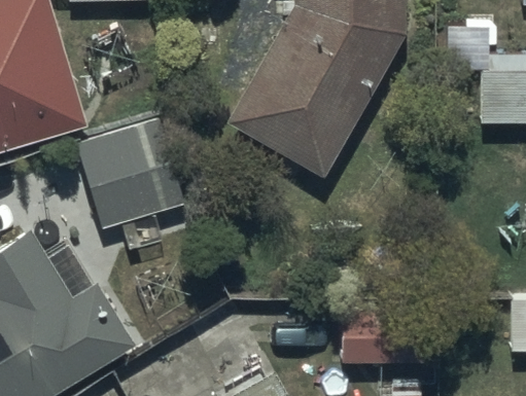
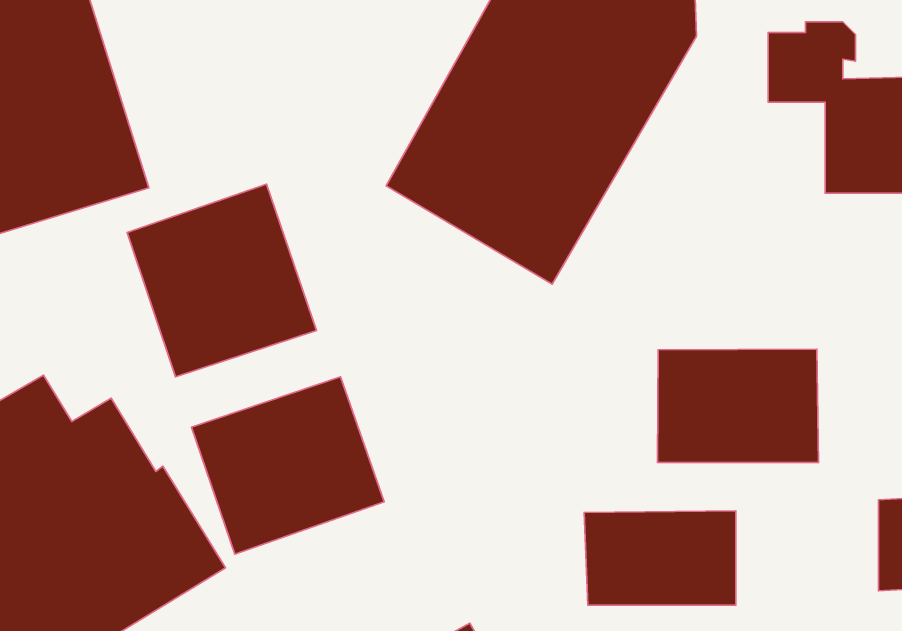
building: none -> [657,349,819,463]
building: none -> [191,377,384,554]

